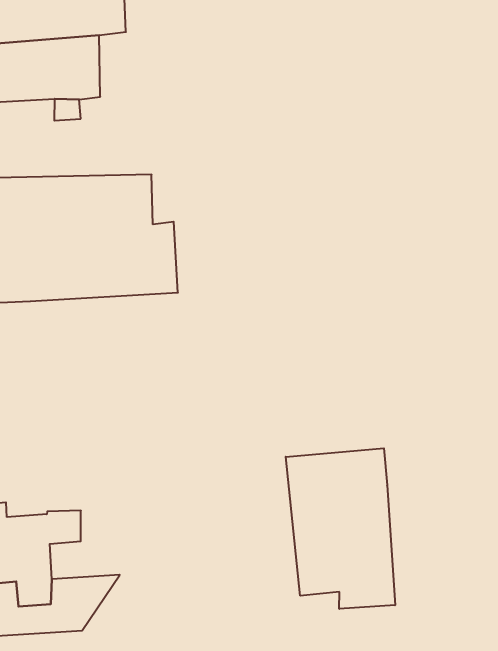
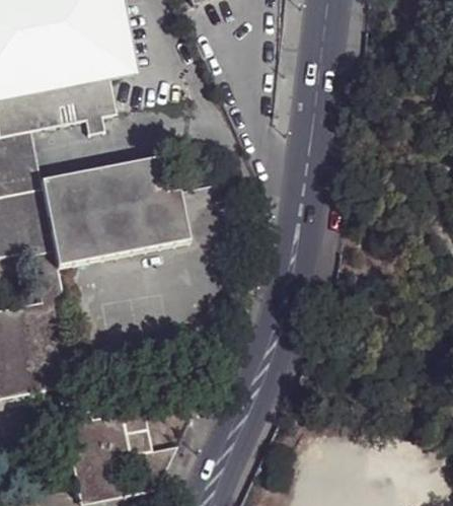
building: [286,448,395,609] -> none

